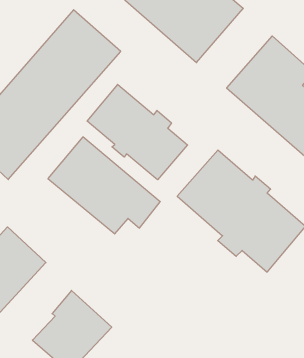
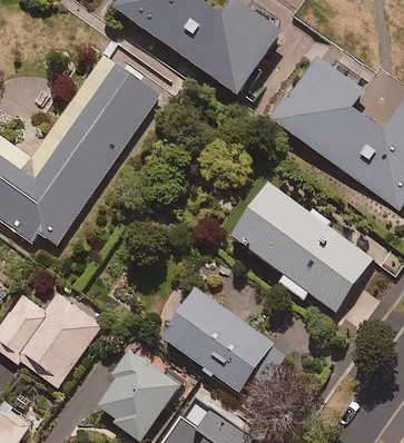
building: [87,84,188,180] -> none
building: [48,137,160,234] -> [162,291,284,390]

